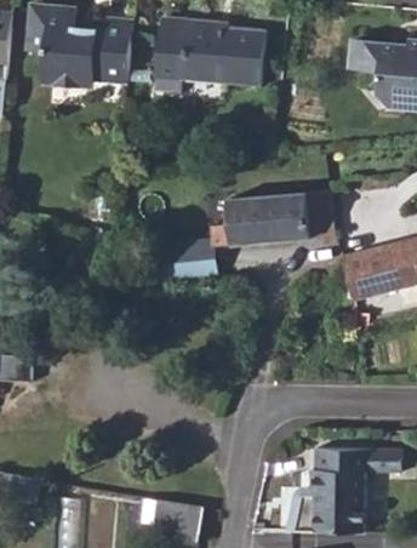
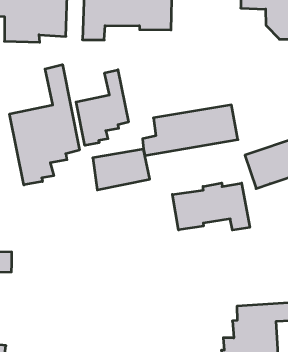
building: none -> [10,65,79,185]
building: none -> [76,70,128,145]
building: none -> [172,183,250,230]

